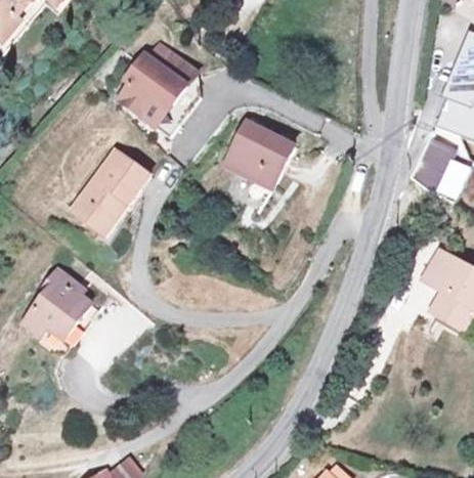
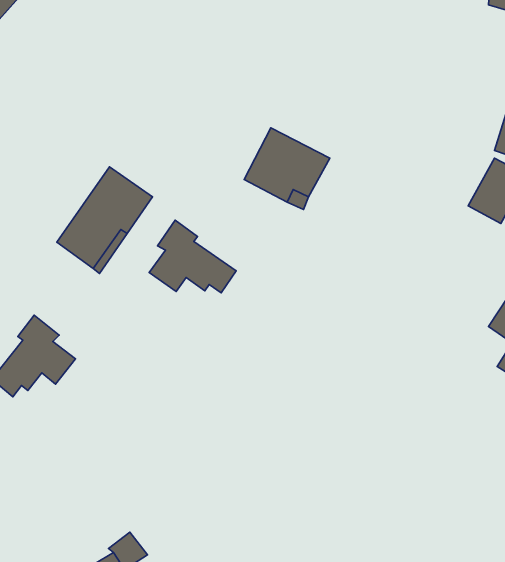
building: [116,42,199,134] -> none
building: none -> [149,220,236,293]

